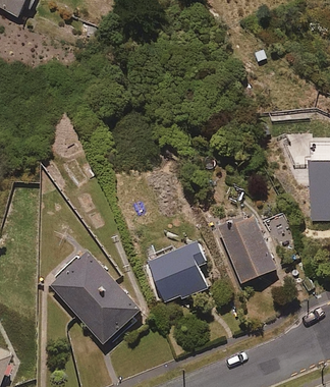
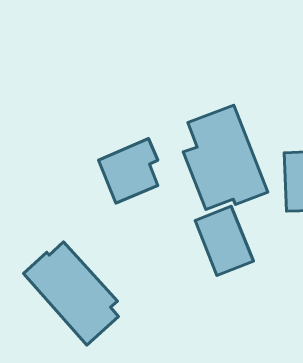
building: none -> [183,105,268,210]
building: [148,240,207,305] -> [98,139,158,203]

